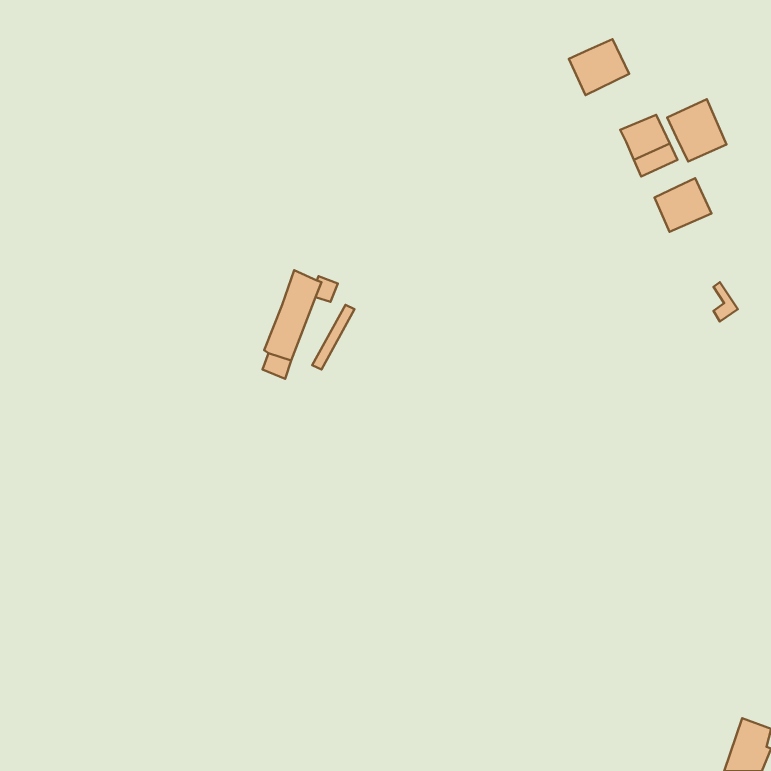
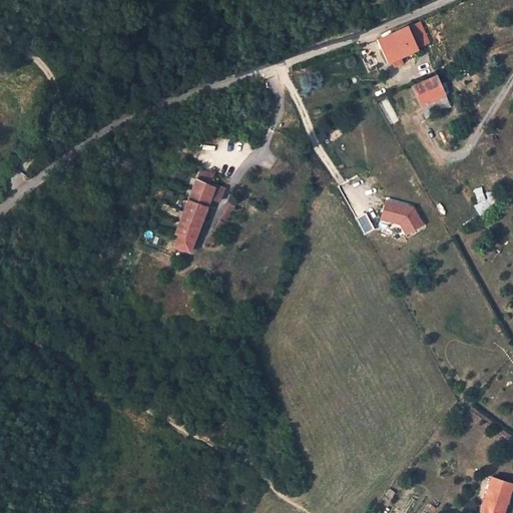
building: [667,99,726,162] -> none
building: [654,178,712,232] -> none
building: none -> [381,200,424,234]

